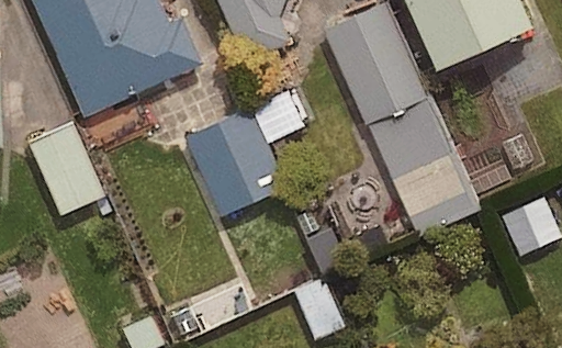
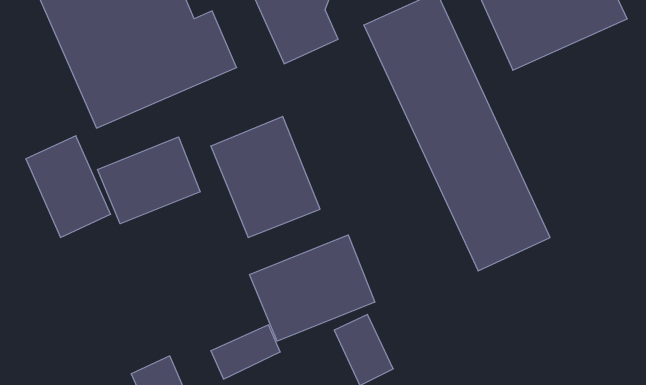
building: none -> [98,137,200,224]
building: none -> [250,235,375,341]

